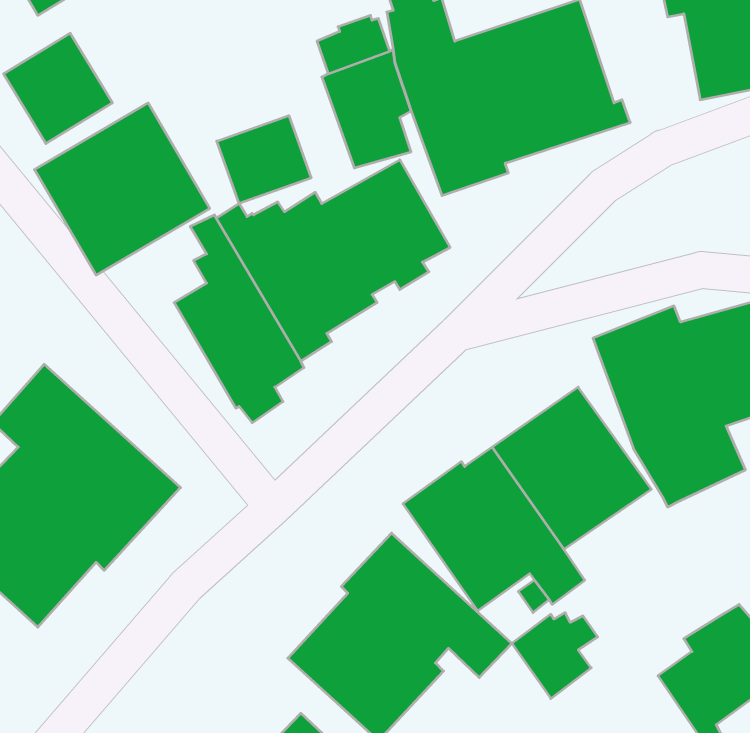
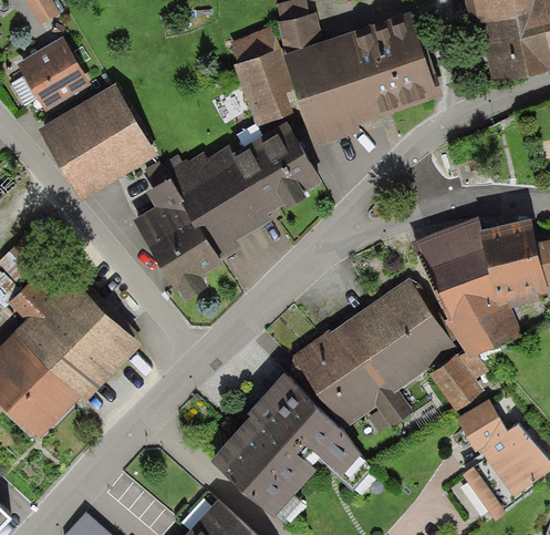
building: [217,116,311,204] -> none
building: none -> [456,400,507,452]
building: [512,613,598,699] -> [429,352,488,411]

